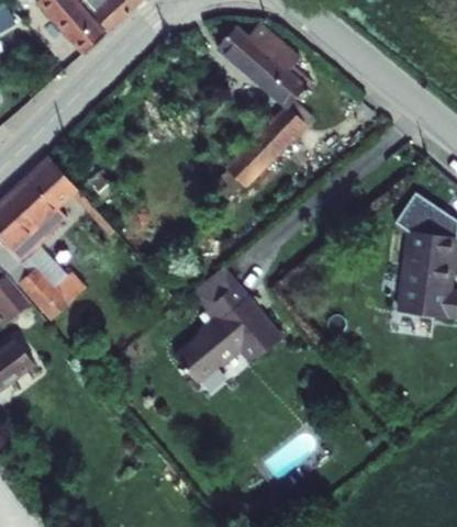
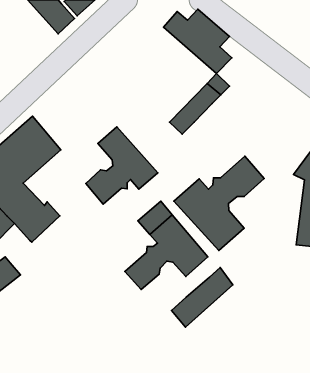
building: none -> [86,127,158,204]
building: none -> [174,156,264,251]
building: none -> [171,267,233,327]

